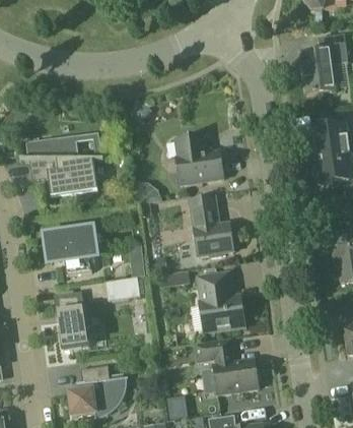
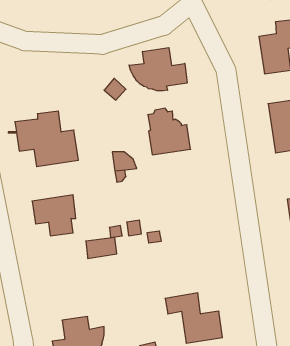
building: none -> [129,48,187,91]
building: [190,196,233,256] -> none
building: [198,272,243,331] -> none
building: [55,295,91,351] -> none

